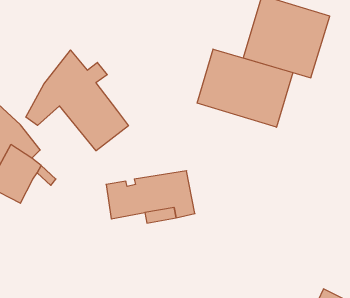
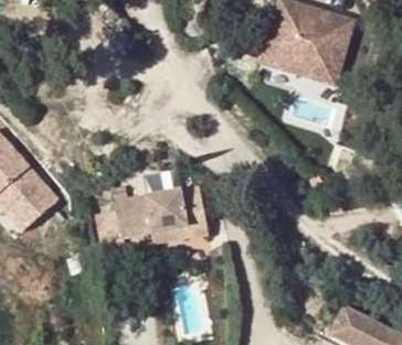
building: [197,49,293,127] -> none
building: [26,50,128,151] -> none

